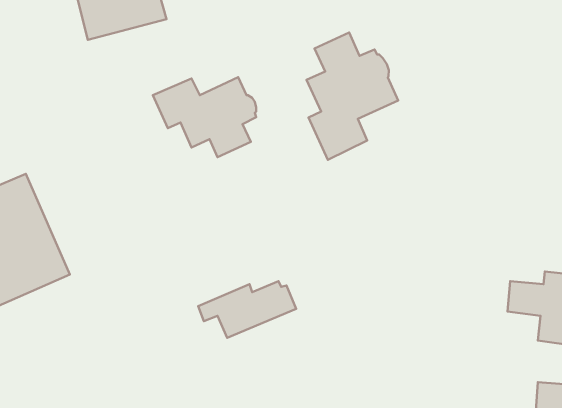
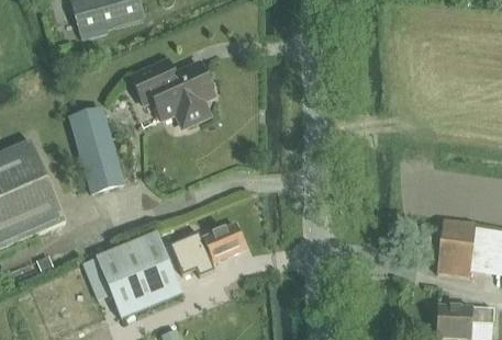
building: [306,33,398,160] -> none
building: none -> [69,107,123,193]
building: none -> [96,231,182,318]

